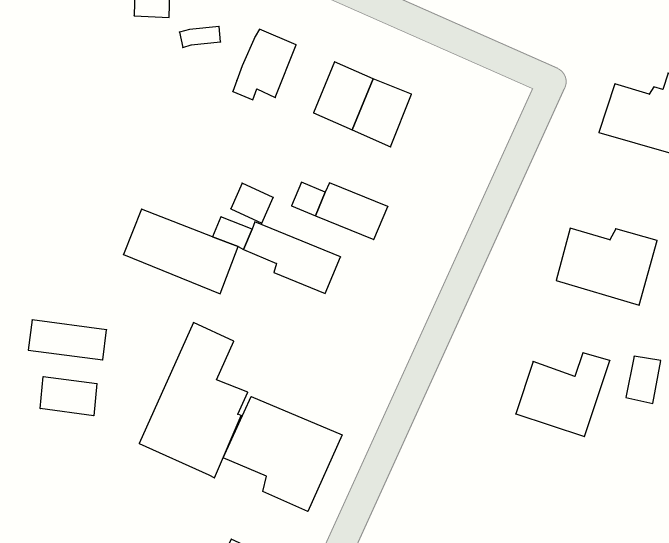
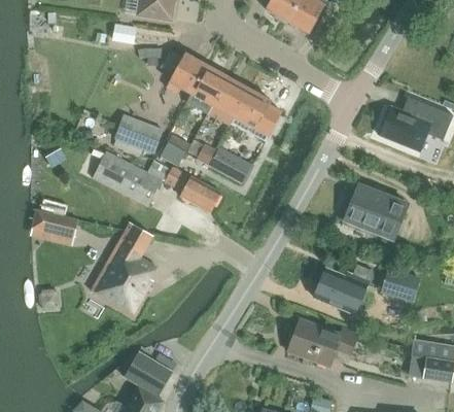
building: none -> [191,64,229,105]
building: none -> [112,113,163,156]
building: [40,377,97,416] -> none
building: [223,397,342,511] -> none
building: none -> [288,319,356,367]

